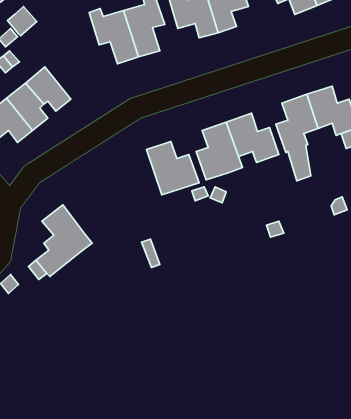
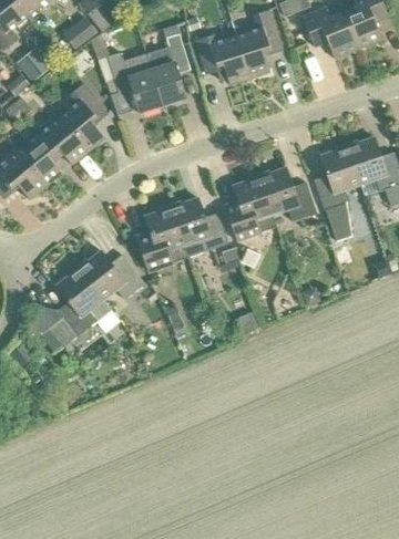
building: none -> [59,83,109,152]
building: none -> [135,207,187,271]
building: none -> [79,250,144,299]

